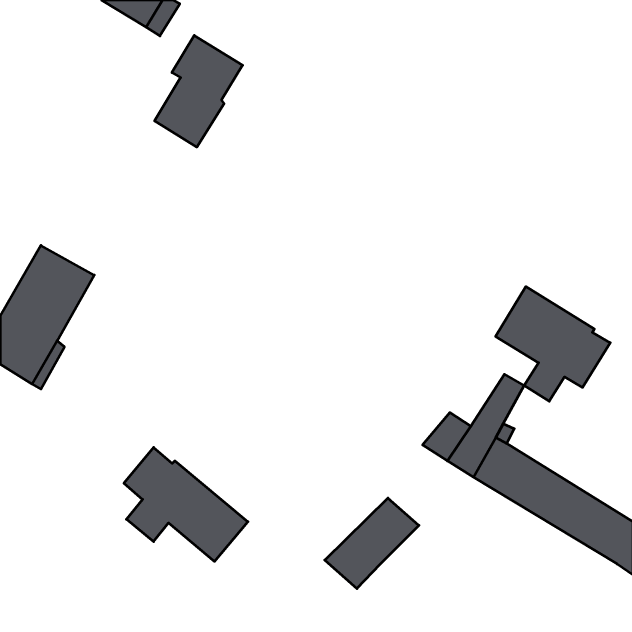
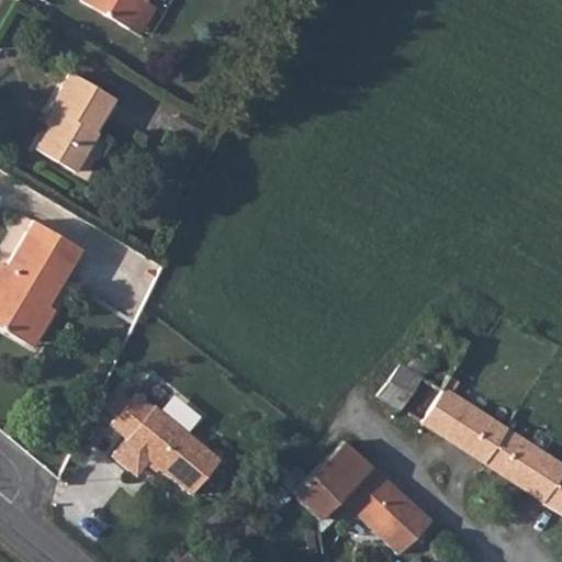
building: [155,35,243,147] -> [40,67,117,166]
building: [496,287,610,401] -> none
building: none -> [338,467,431,555]

